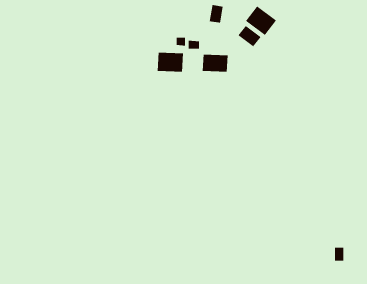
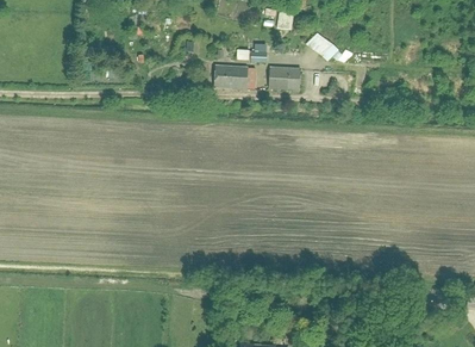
building: [245,6,277,36] -> none

